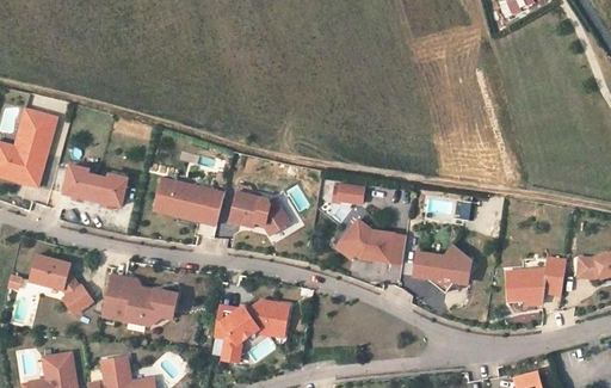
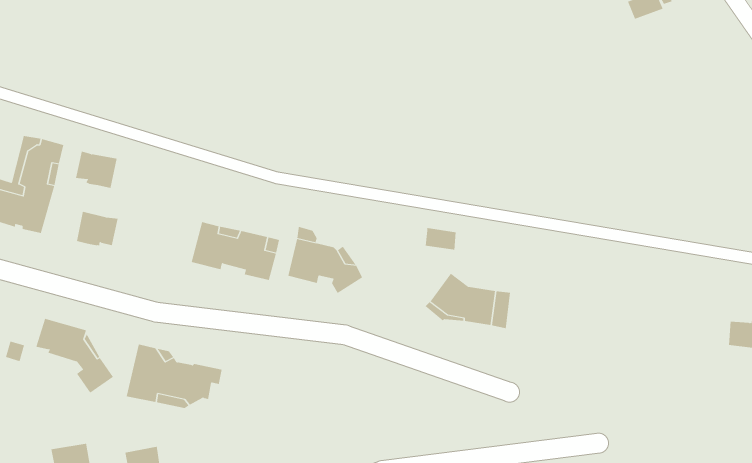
building: [91,175,124,205] -> [75,151,117,189]
building: [414,244,471,291] -> none
building: [507,257,567,300] -> none
building: [214,300,288,362] -> none

